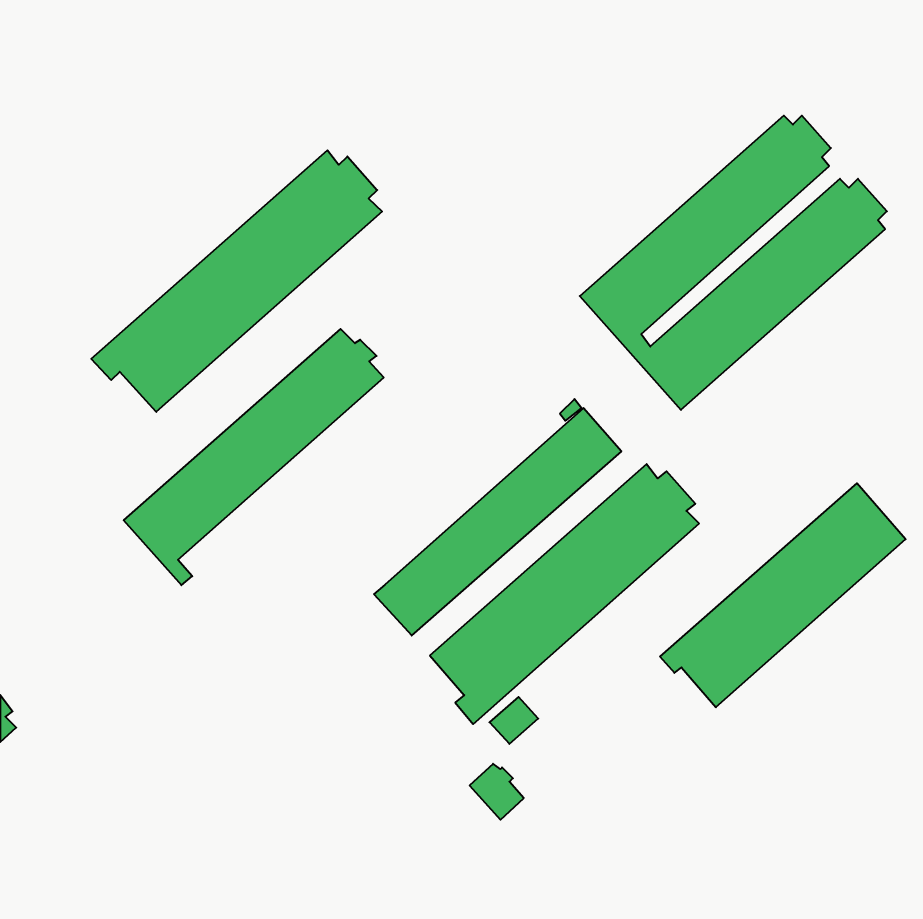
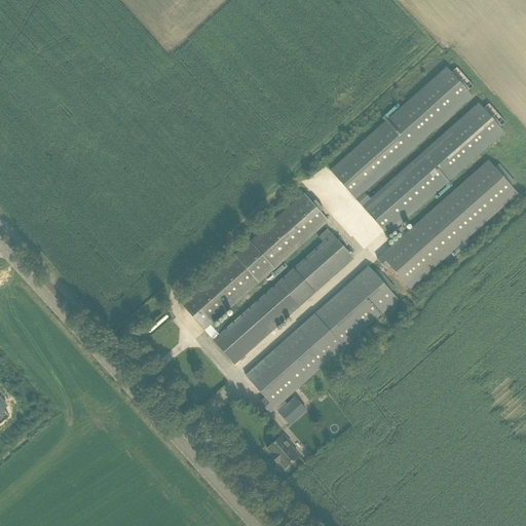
building: [91,150,382,412] -> none
building: [124,329,384,585] -> [180,192,328,338]
building: [660,483,906,707] -> [376,158,516,286]

